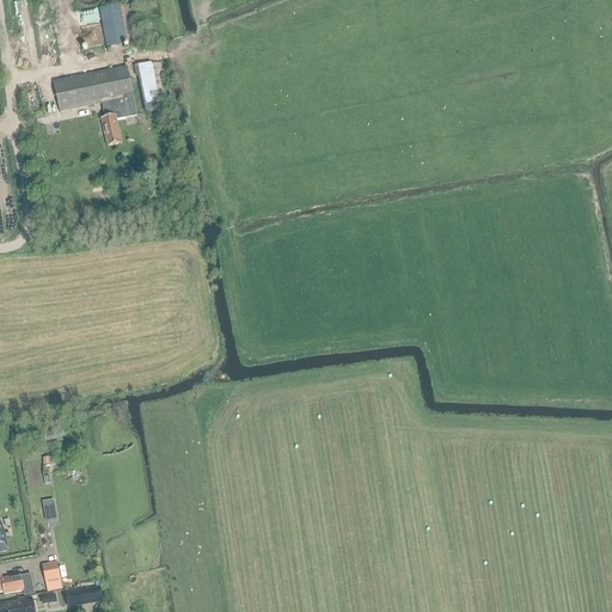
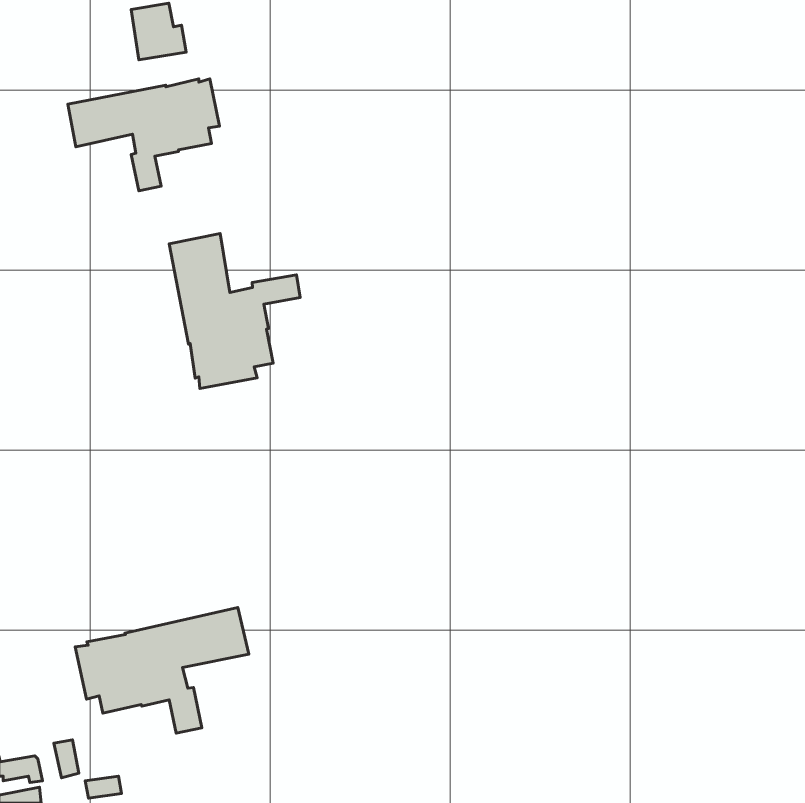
building: none -> [169,234,300,389]
building: none -> [75,607,249,733]

